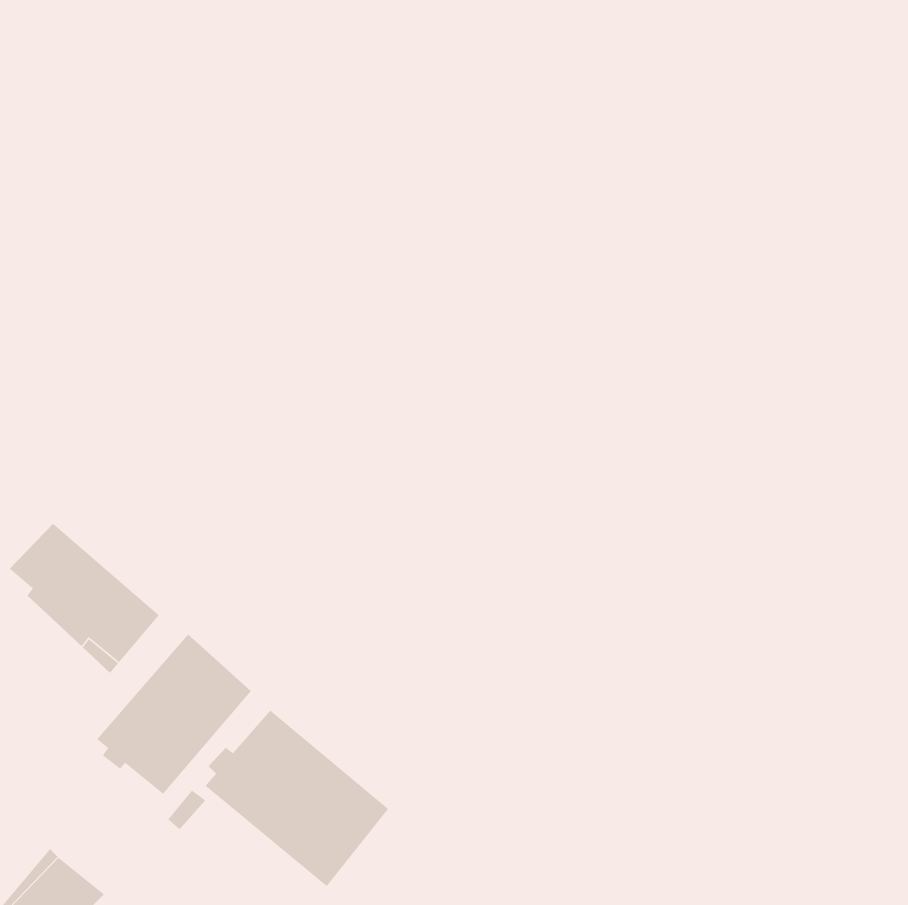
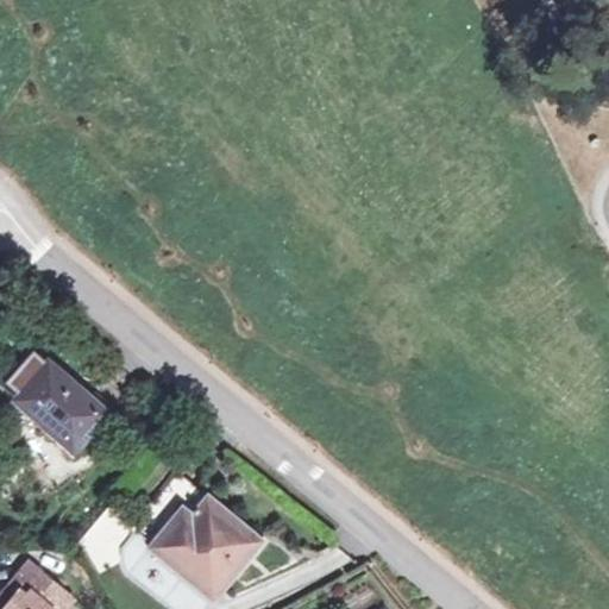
building: [96,634,252,795] -> none

